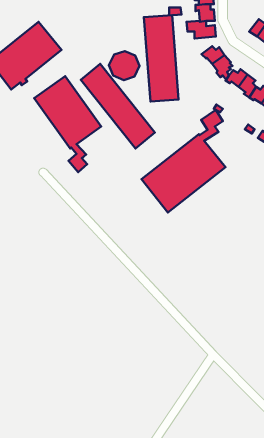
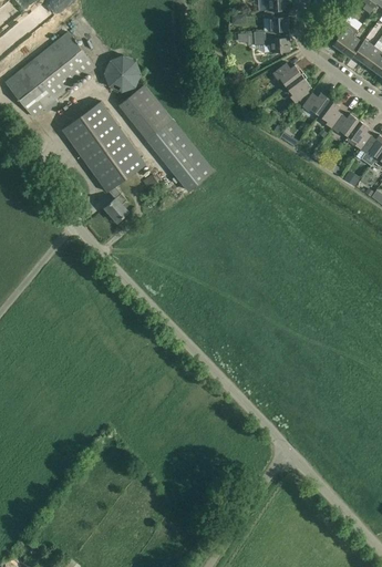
building: [144,15,179,101] -> none
building: [109,51,140,80] -> [102,55,141,92]
building: [141,110,225,213] -> none

